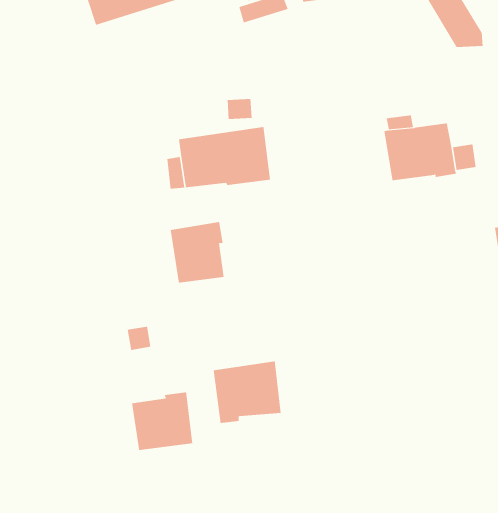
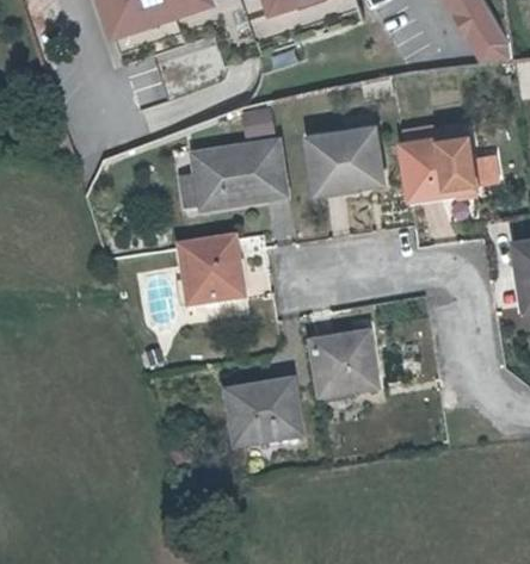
building: none -> [313,131,382,188]
building: none -> [310,334,376,391]
building: [131,392,193,451] -> none

